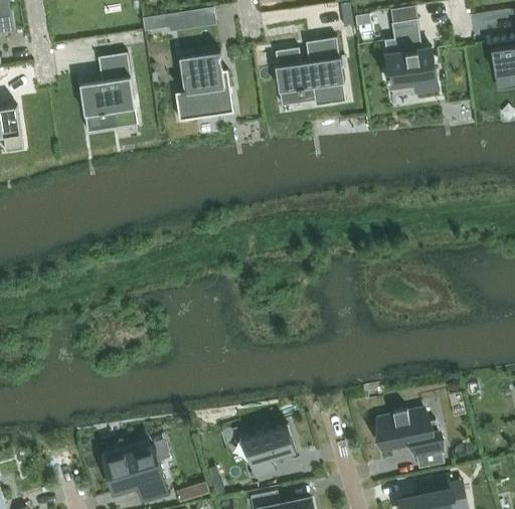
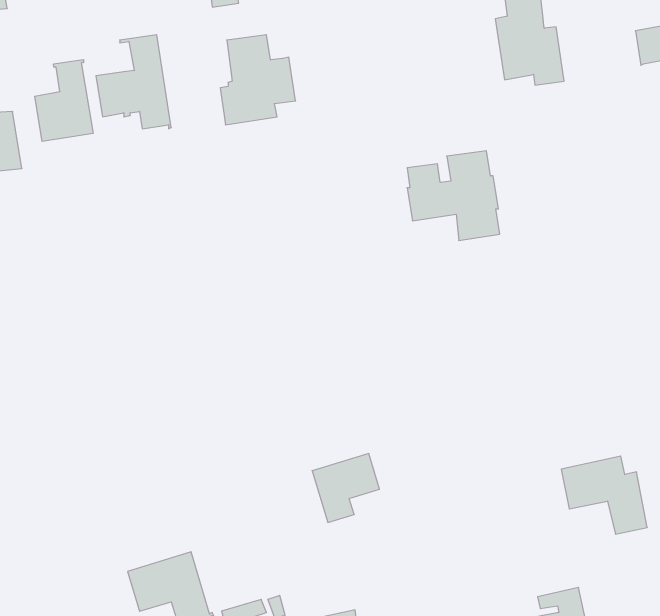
building: [275,38,345,107] -> [407,151,500,241]
building: none -> [35,60,93,141]
building: [377,409,443,469] -> [561,456,647,534]
building: [243,426,295,478] -> [312,454,379,522]

